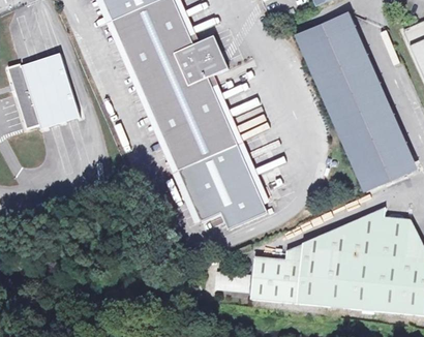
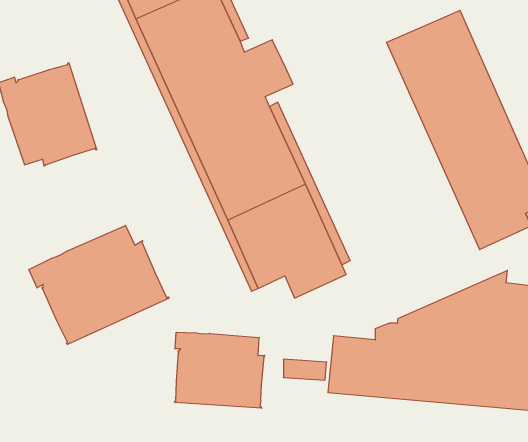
building: none -> [29,225,169,344]
building: none -> [175,332,265,408]

